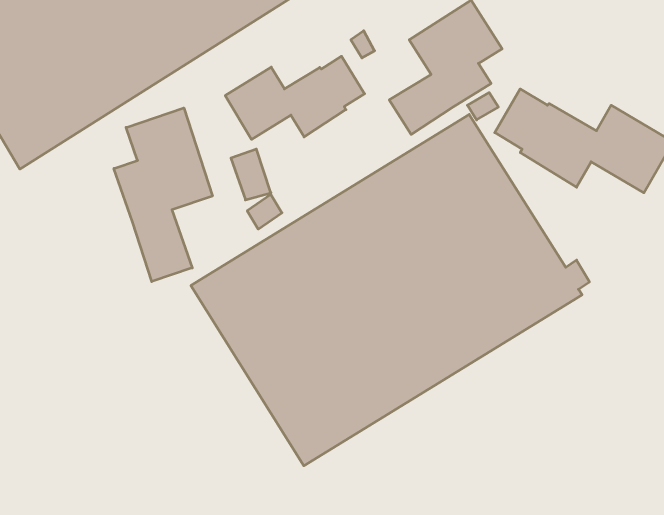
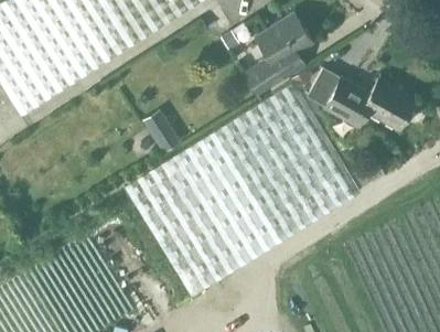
building: [225,56,365,139] -> none
building: [114,108,212,282] -> none

